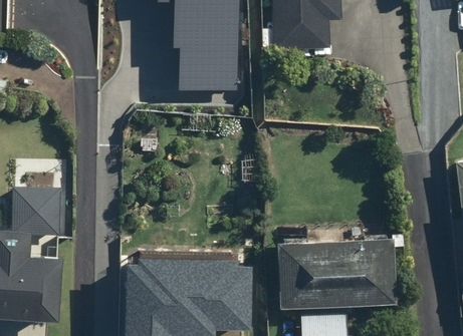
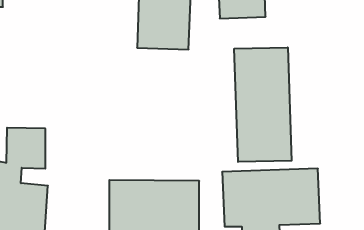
building: none -> [234,47,292,162]

